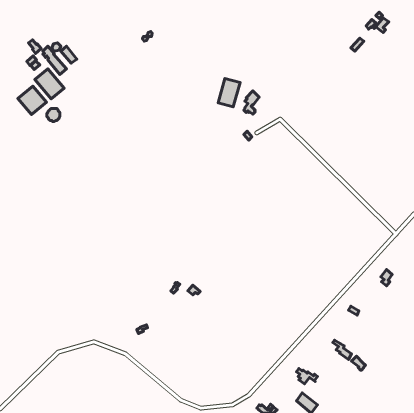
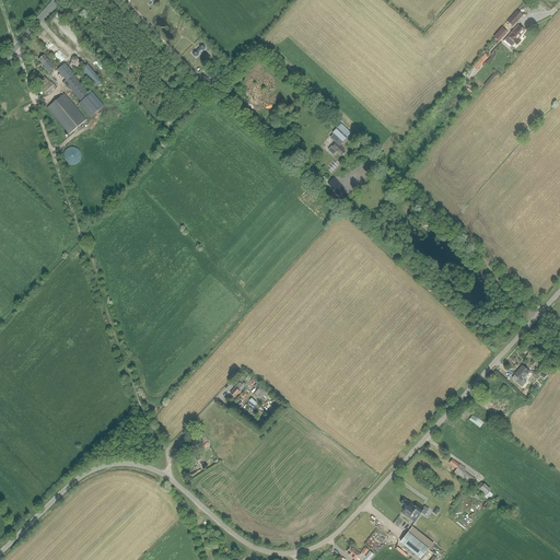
building: [218,78,240,107] -> none
building: [18,86,46,115] -> none

